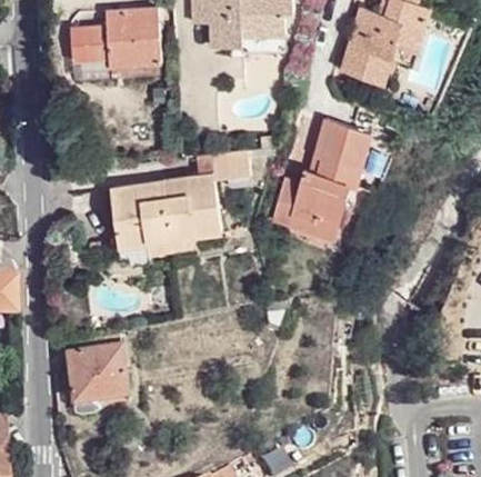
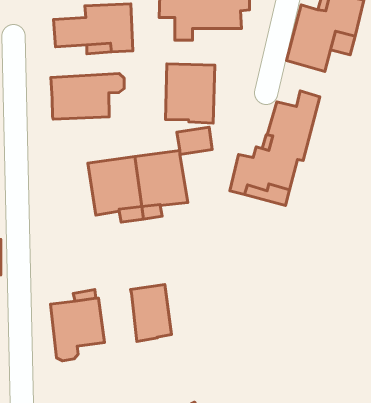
building: none -> [166,64,215,123]
building: none -> [51,74,124,119]
building: none -> [131,285,171,341]

